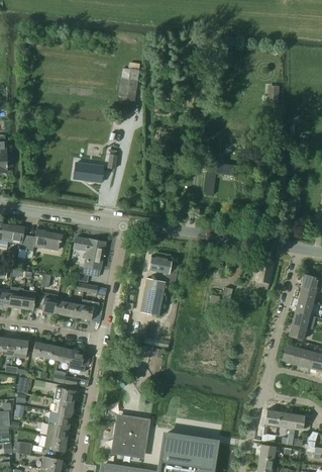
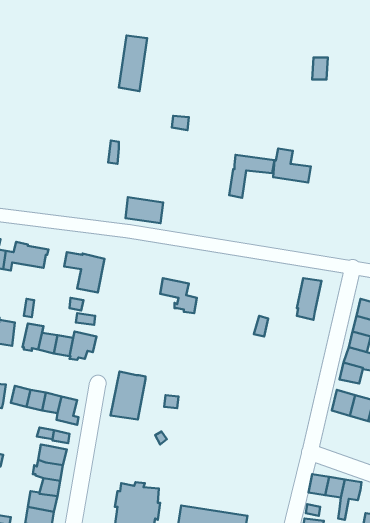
building: none -> [273,149,311,183]
building: [74,162,103,182] -> [125,197,163,223]
building: [139,277,167,314] -> [110,371,145,419]

